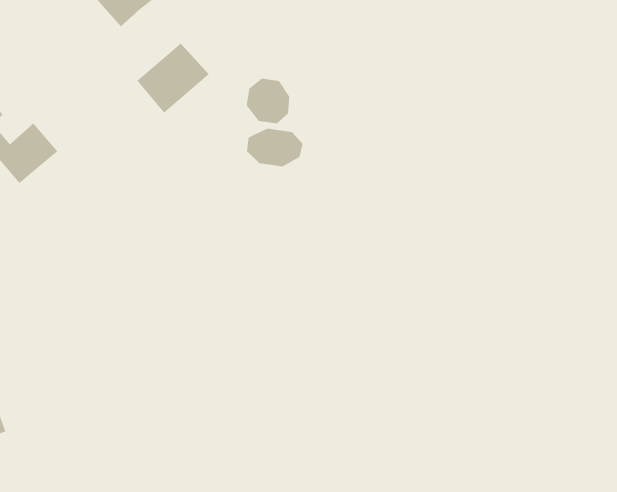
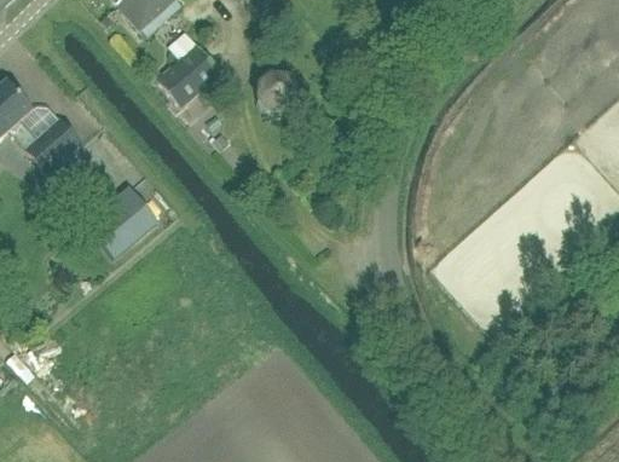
building: [246,128,303,167] -> none
building: none -> [85,185,160,258]

